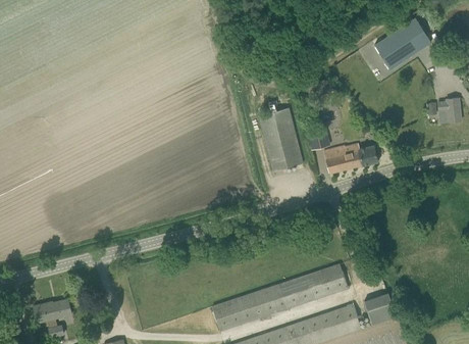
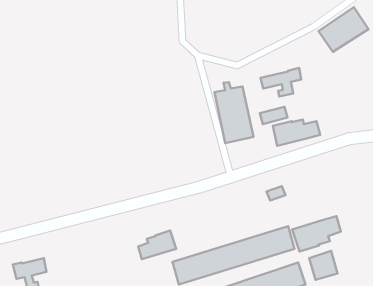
building: none -> [260,68,301,97]
building: none -> [292,216,341,252]
building: none -> [138,231,176,259]

